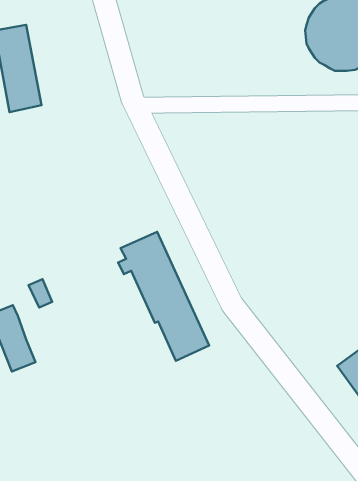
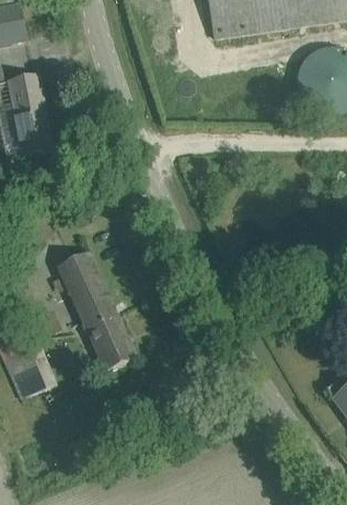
building: [118,232,209,361] -> [53,252,137,372]

